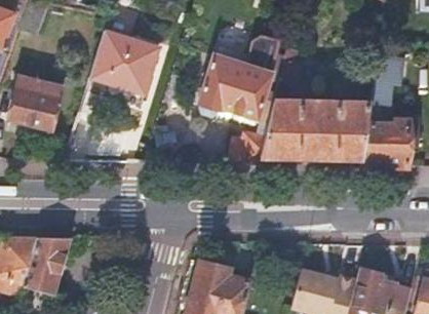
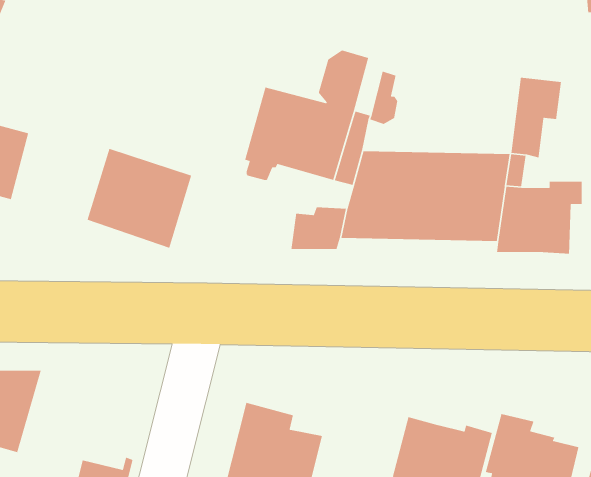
building: [89,30,157,94] -> [86,148,192,249]

